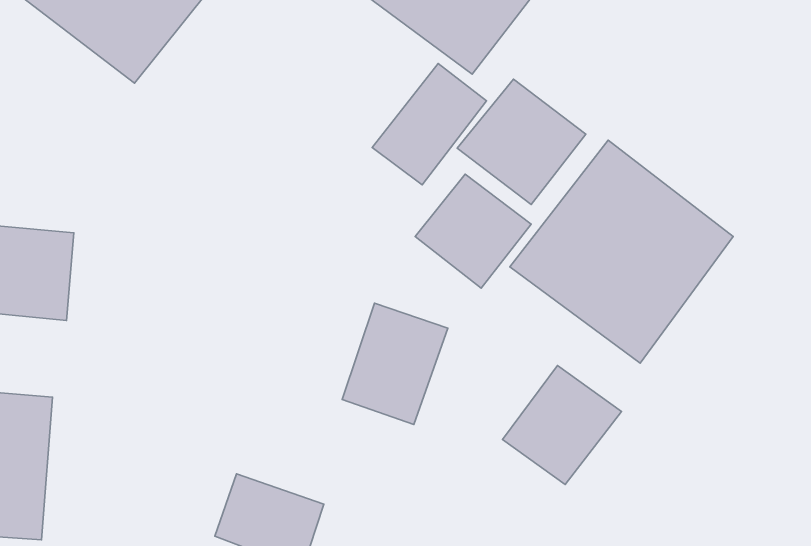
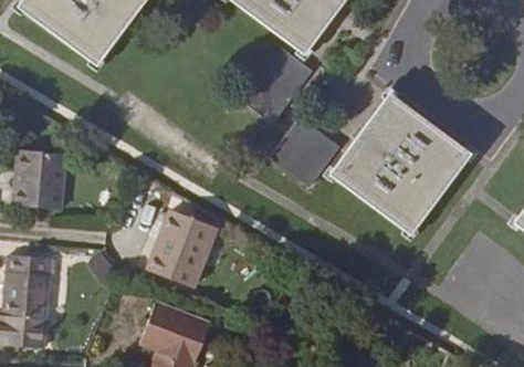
building: [457,79,586,204] -> none
building: [342,303,448,424] -> [154,210,219,285]
building: [502,365,621,484] -> none

